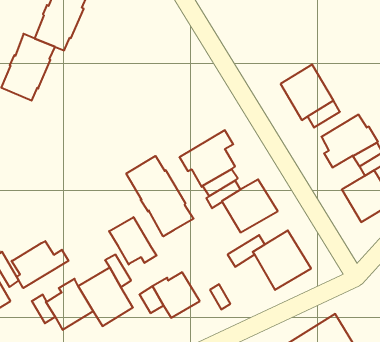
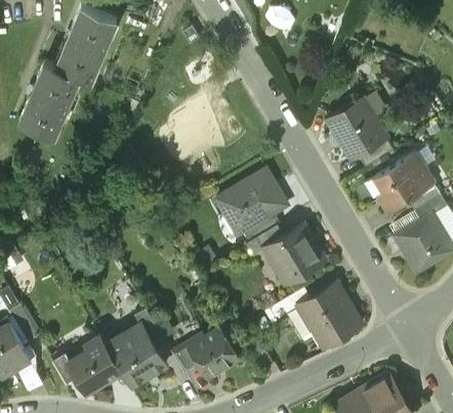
building: [126,156,194,236] -> none
building: [109,217,157,265] -> none
building: [12,241,68,288] -> none

